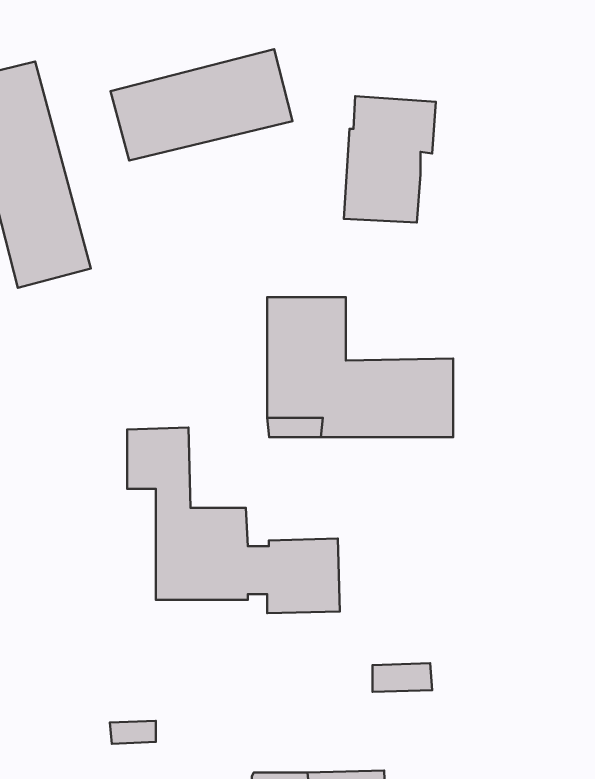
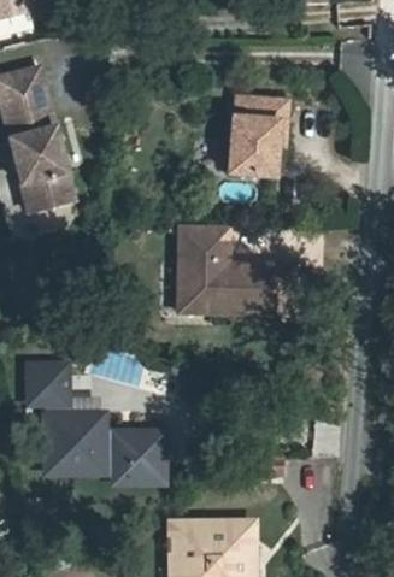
building: [111,49,292,161] -> none
building: [127,427,340,613] -> [28,357,161,473]

